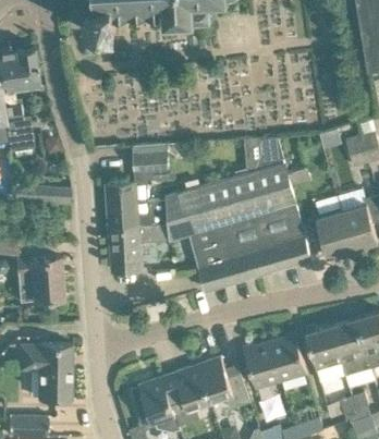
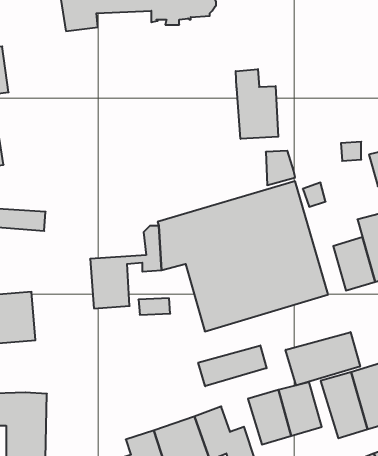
building: none -> [236,69,278,139]
building: [106,153,169,230] -> none
building: none -> [286,332,360,385]
building: none -> [198,345,267,386]

